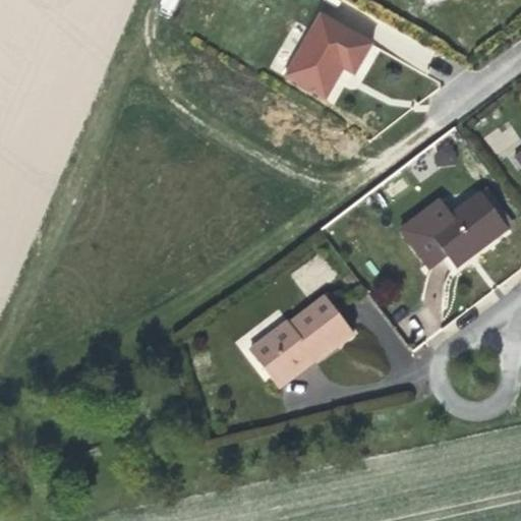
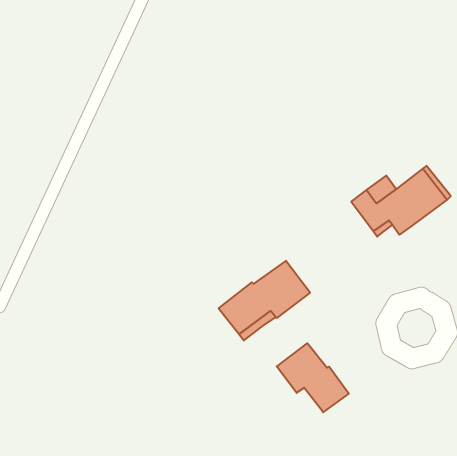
building: [284,13,371,99] -> none
building: none -> [277,343,349,412]

